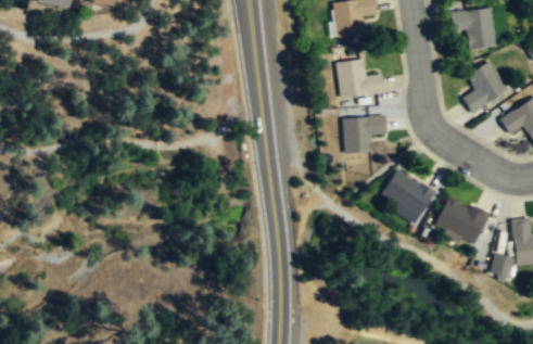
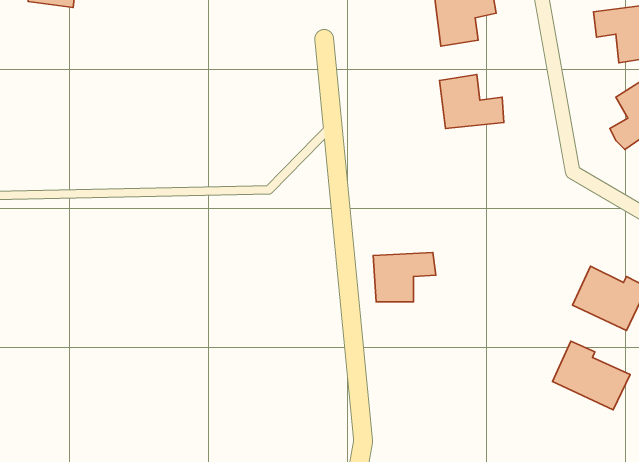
building: [343,117,389,153] -> [373,253,436,302]
building: [380,169,434,218] -> none
building: none -> [553,341,630,410]

